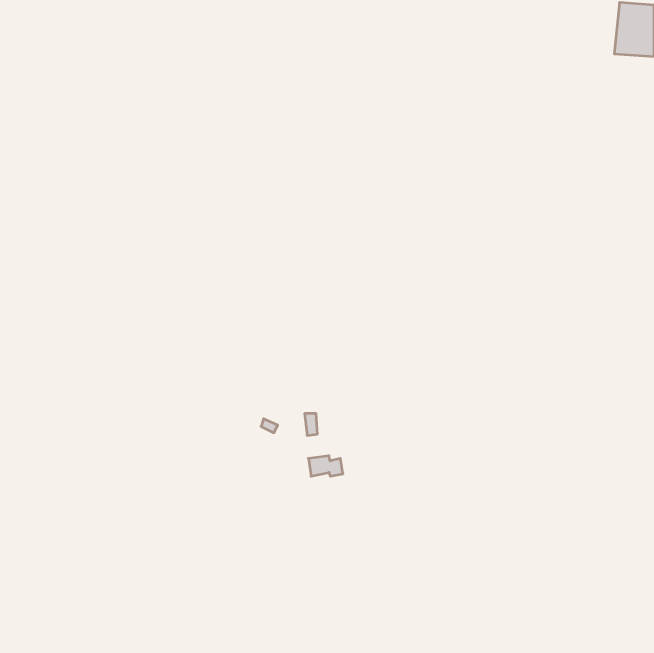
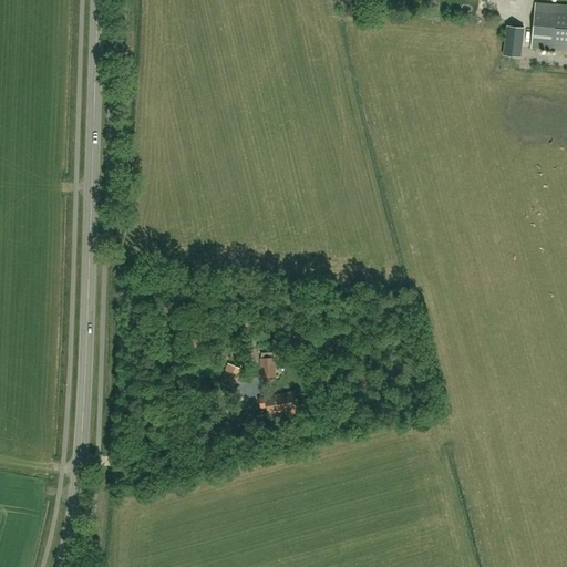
building: none -> [503,25,524,55]

